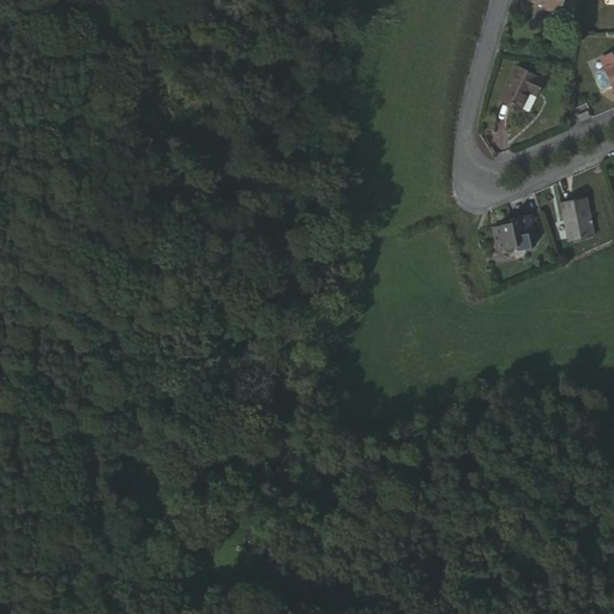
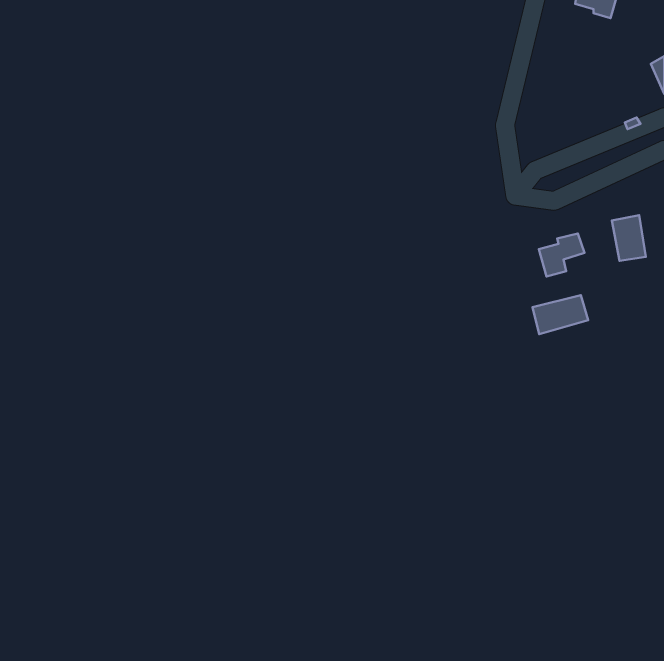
building: [502,65,542,108] -> none
building: none -> [533,295,588,334]

